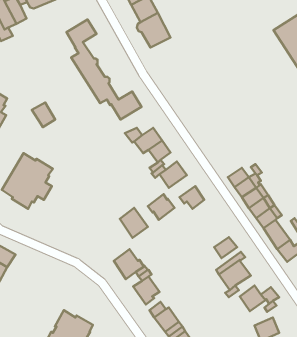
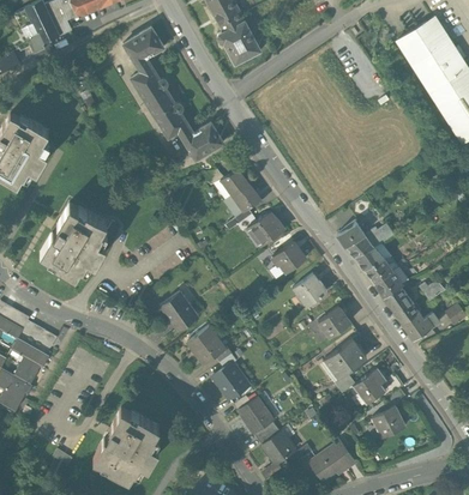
building: [32,103,55,127] -> none
building: [148,194,174,220] -> [293,277,327,310]
building: [120,208,148,238] -> [161,294,198,333]

